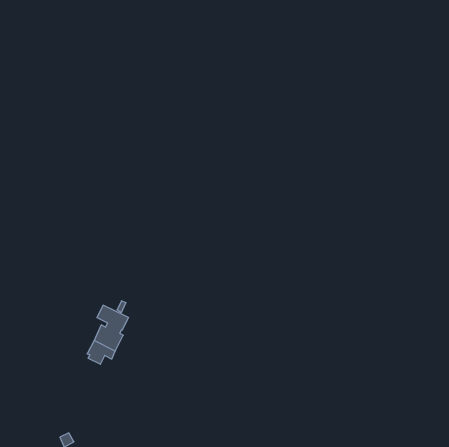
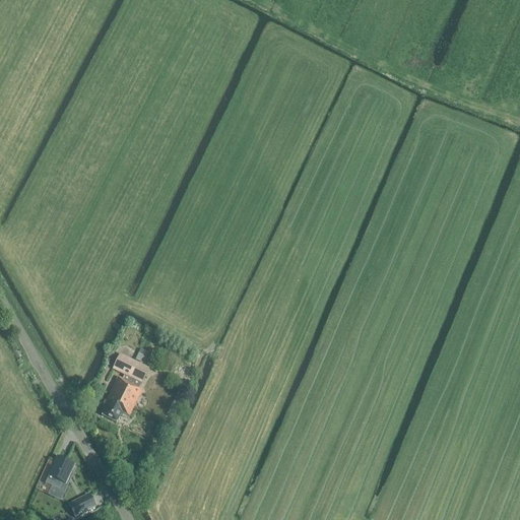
building: none -> [46,456,74,488]

